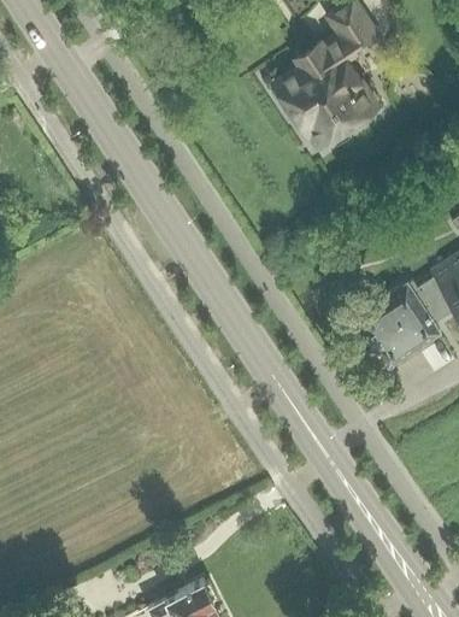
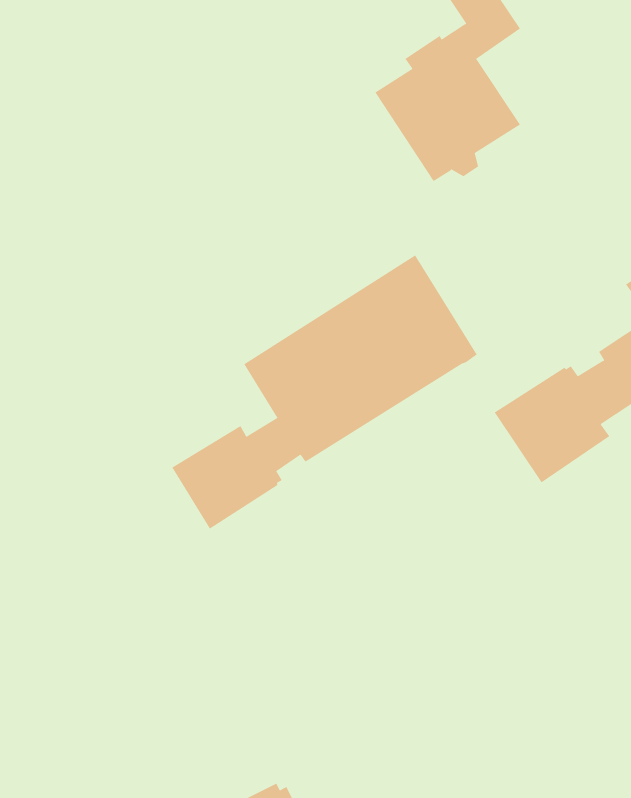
building: none -> [172,254,477,529]

